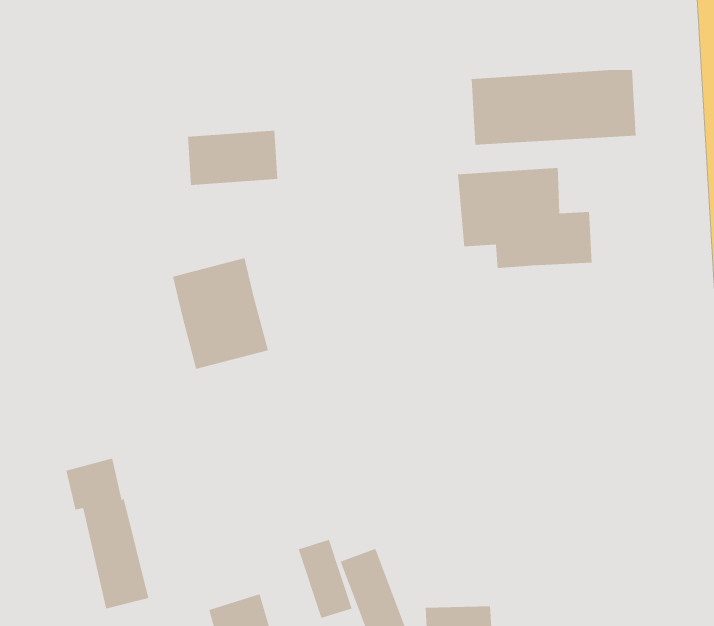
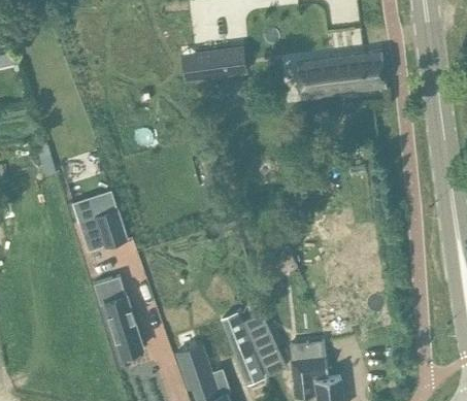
building: [187,130,278,185] -> [195,48,244,80]
building: [458,167,592,269] -> none
building: [172,258,269,369] -> [72,192,126,253]

